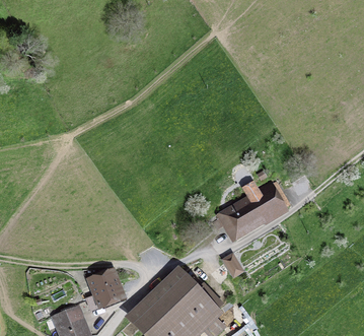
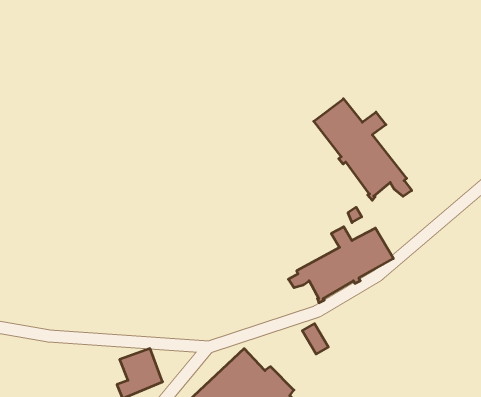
building: none -> [314,99,412,200]

